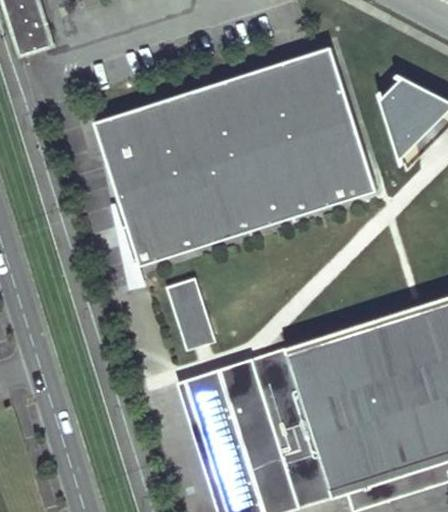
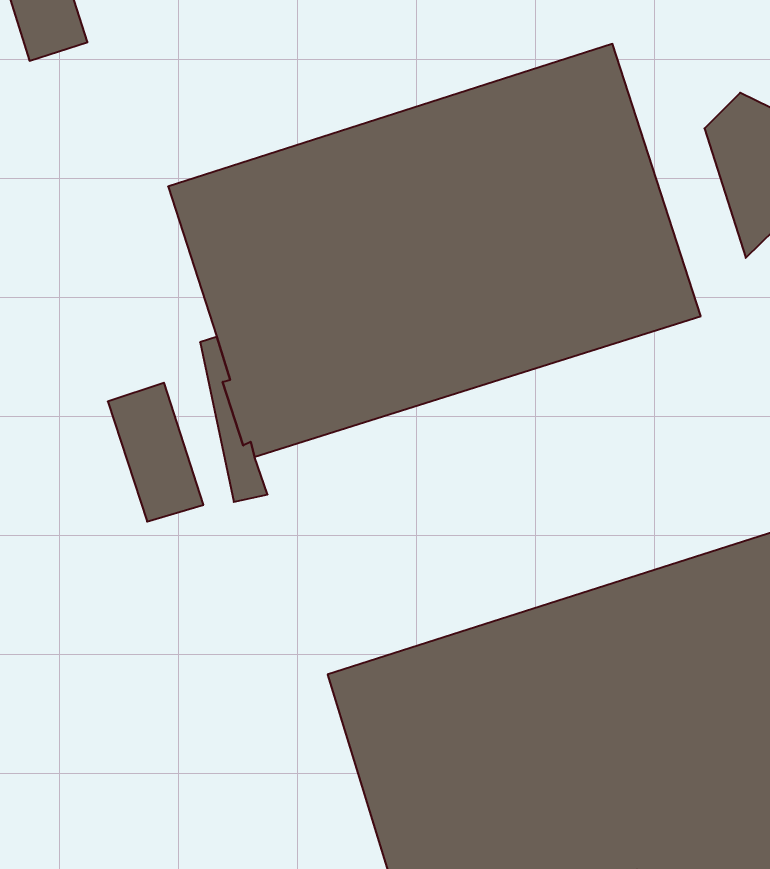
building: [166,278,217,352] -> [108,383,203,522]

